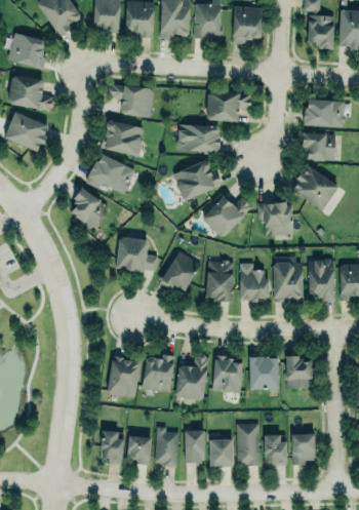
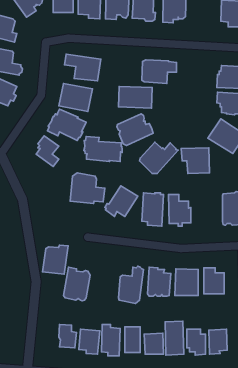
building: none -> [84,136,122,162]
building: [273,263,303,303] -> none
building: [142,355,174,392] -> [42,245,68,274]

